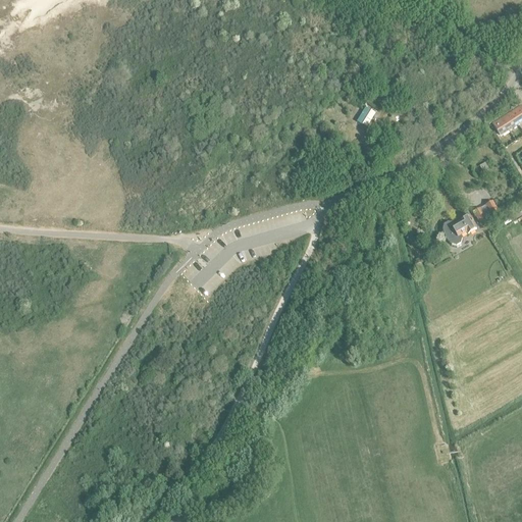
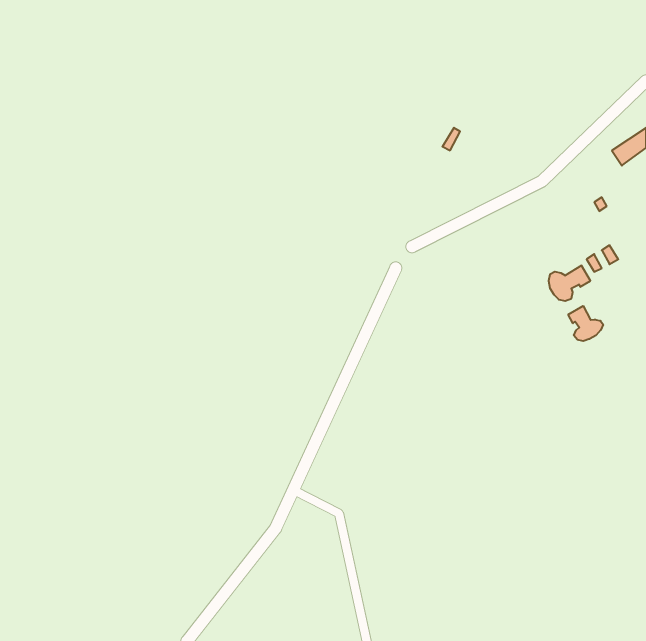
building: none -> [568,306,603,341]

